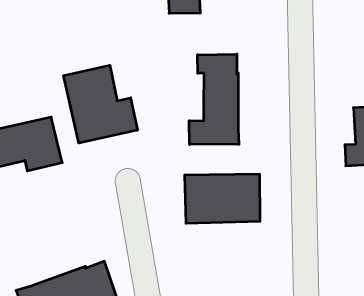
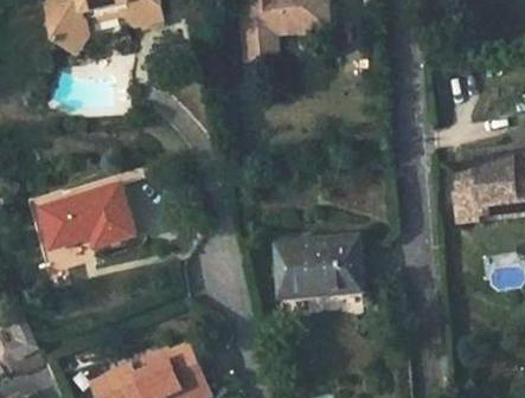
building: [189,54,239,145] -> none
building: [64,65,137,143] -> none

